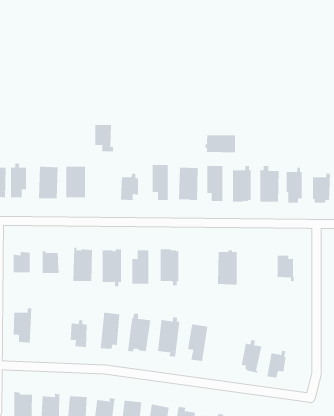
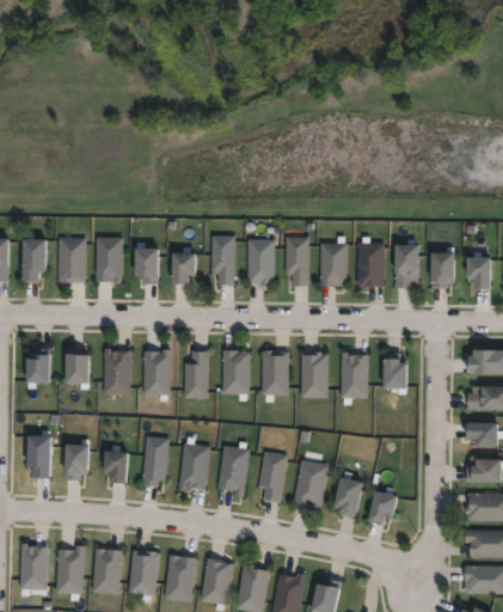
building: [94,124,114,152] -> [131,247,158,284]
building: [205,135,236,153] -> none
building: none -> [262,350,288,403]
building: none -> [341,353,368,399]
building: none -> [62,440,87,481]
building: none -> [294,460,327,509]

